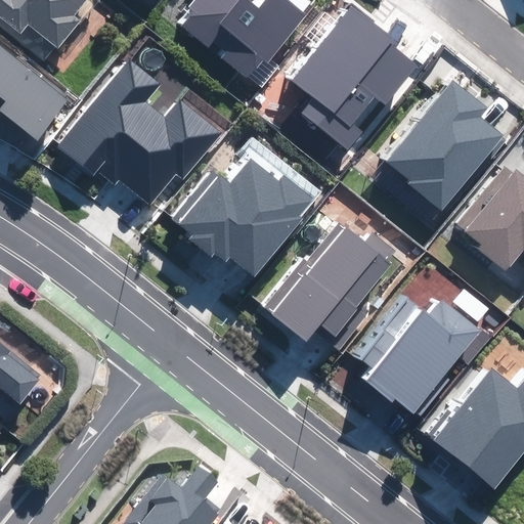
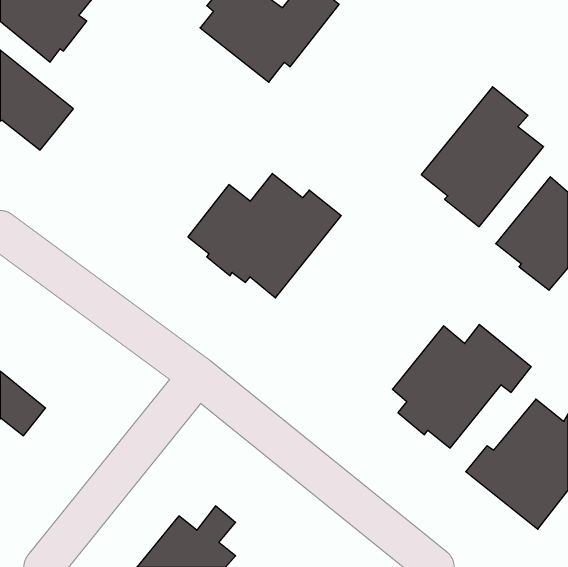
building: [294,4,414,147] -> none
building: [59,59,220,203] -> none
building: [266,224,390,344] -> none

